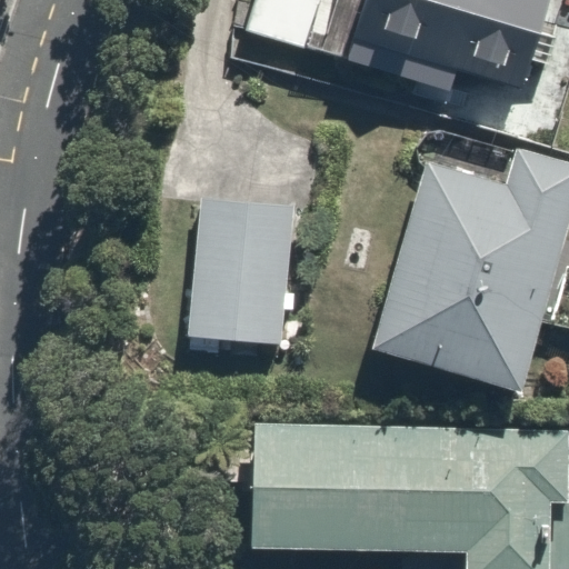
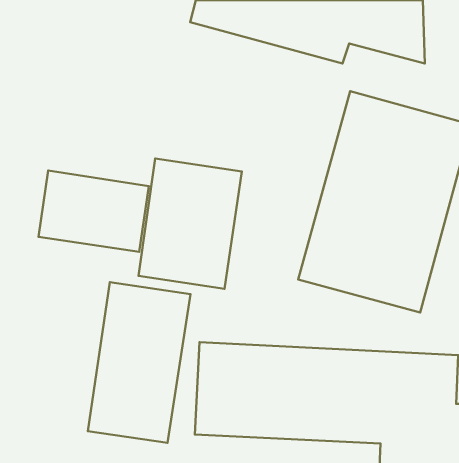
building: none -> [38,170,149,252]
building: none -> [88,282,190,443]

